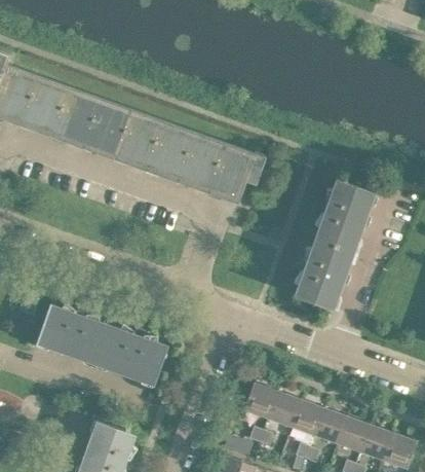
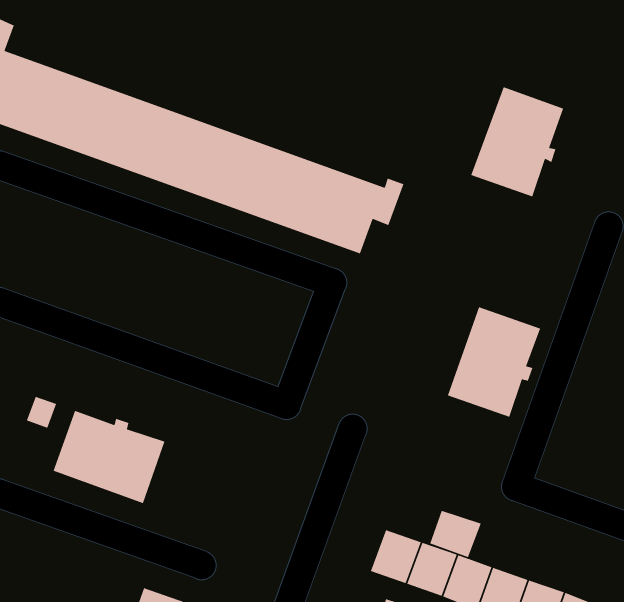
building: [314,178,376,251] -> [470,86,564,198]
building: [95,325,168,387] -> none
building: none -> [429,510,482,558]

